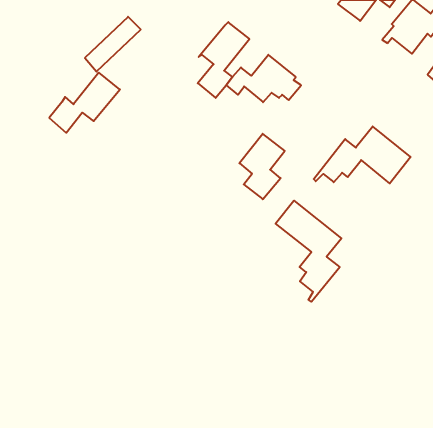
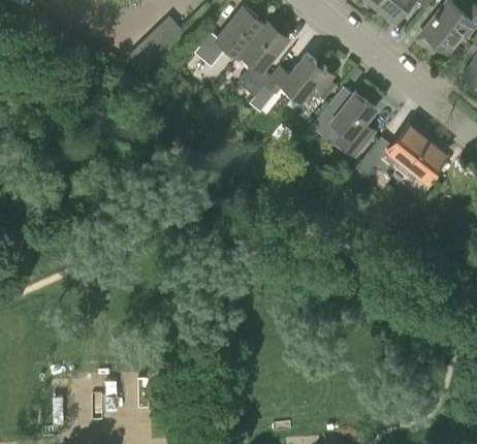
building: [49,73,120,133] -> [195,9,264,68]
building: [239,134,285,199] -> [331,92,376,156]
building: [276,201,341,302] -> none

